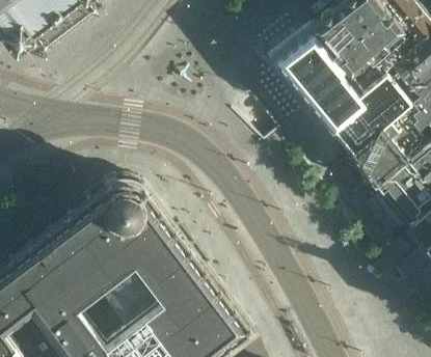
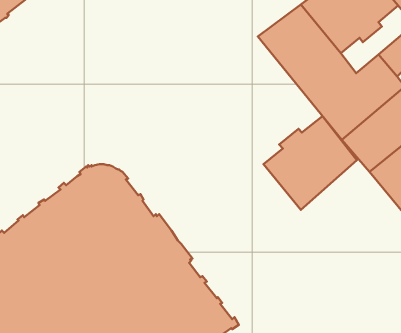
building: none -> [263,116,357,210]

